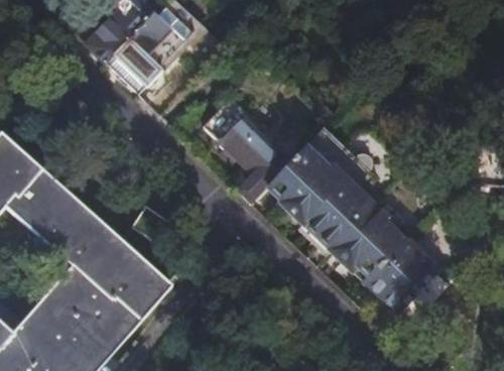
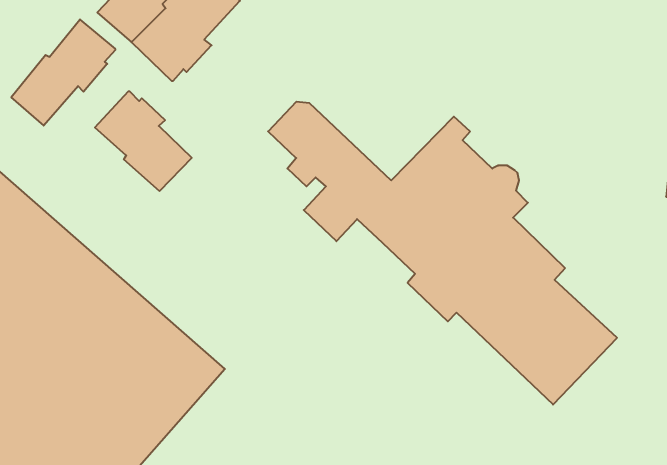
building: none -> [11,19,115,126]
building: none -> [95,91,192,191]

